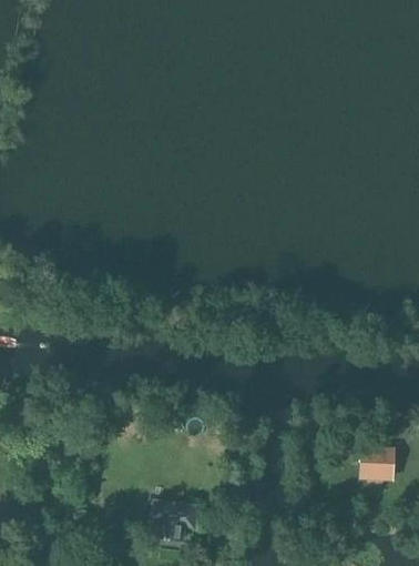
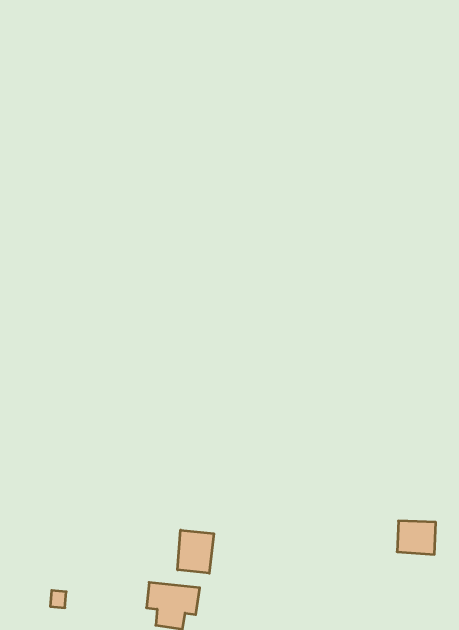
building: none -> [178,530,214,573]

